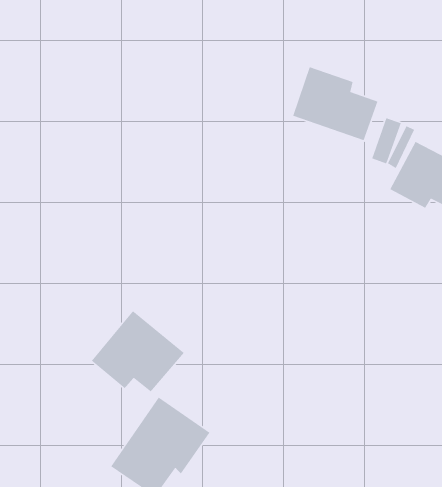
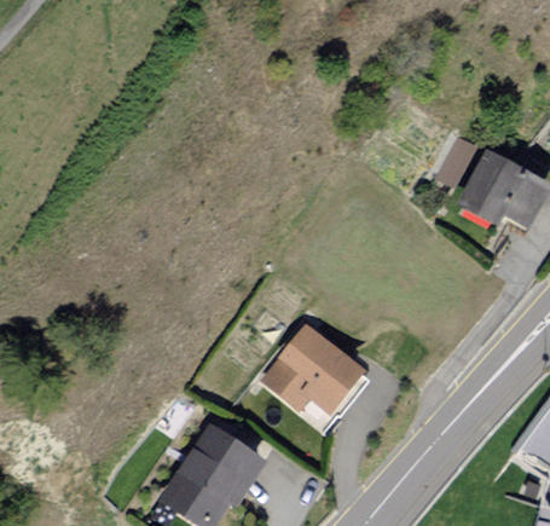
building: [292,66,379,141] -> none
building: [91,310,185,393] -> [262,324,363,412]

